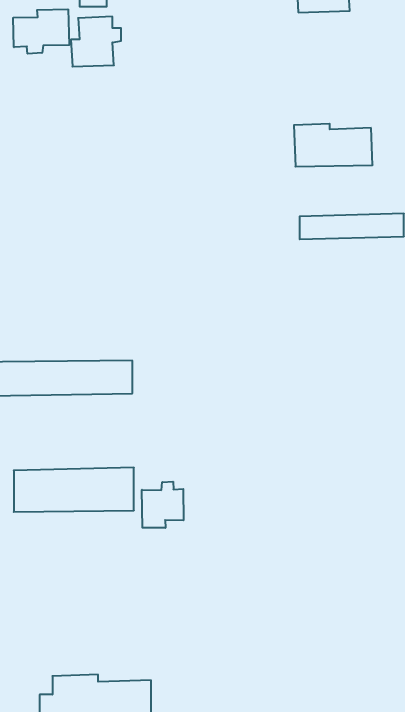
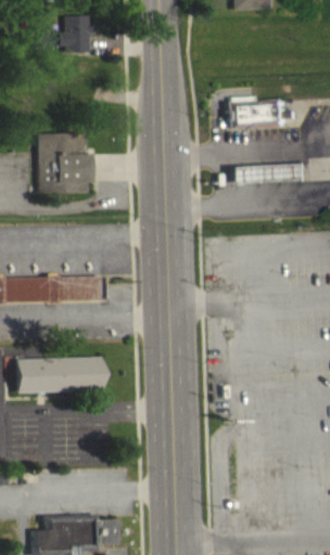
building: [13,9,69,54] -> none
building: none -> [38,131,96,194]
building: [142,482,183,528] -> none

